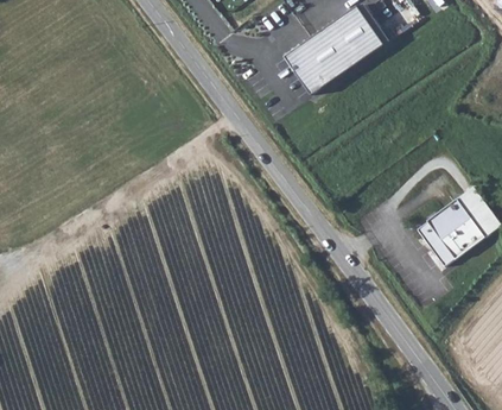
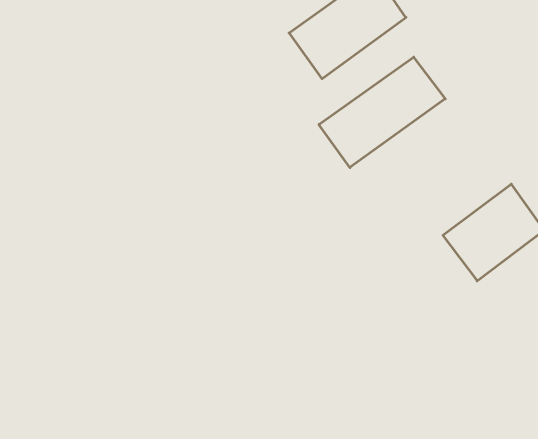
building: none -> [319,57,445,168]

